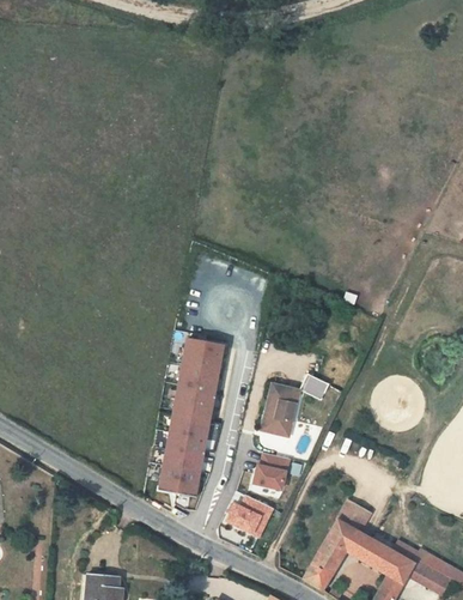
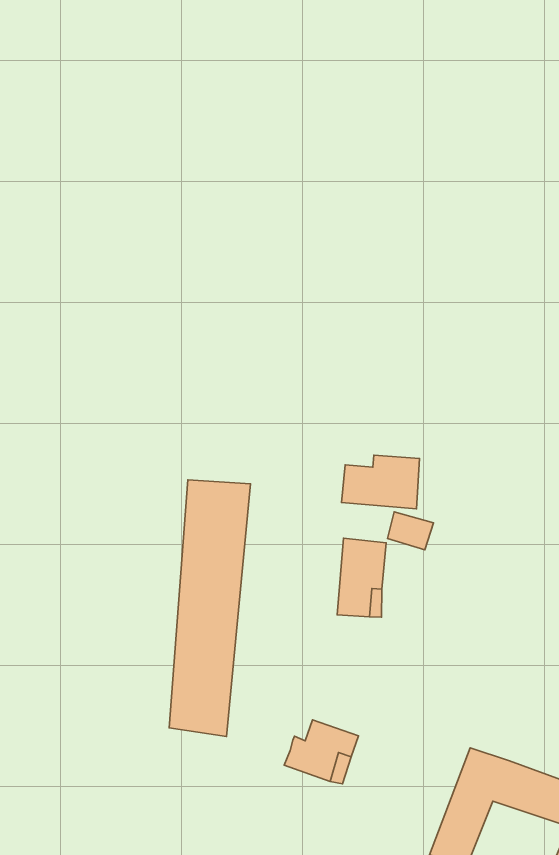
building: none -> [341,455,419,509]
building: [251,453,287,490] -> none
building: [336,505,368,534] -> none

